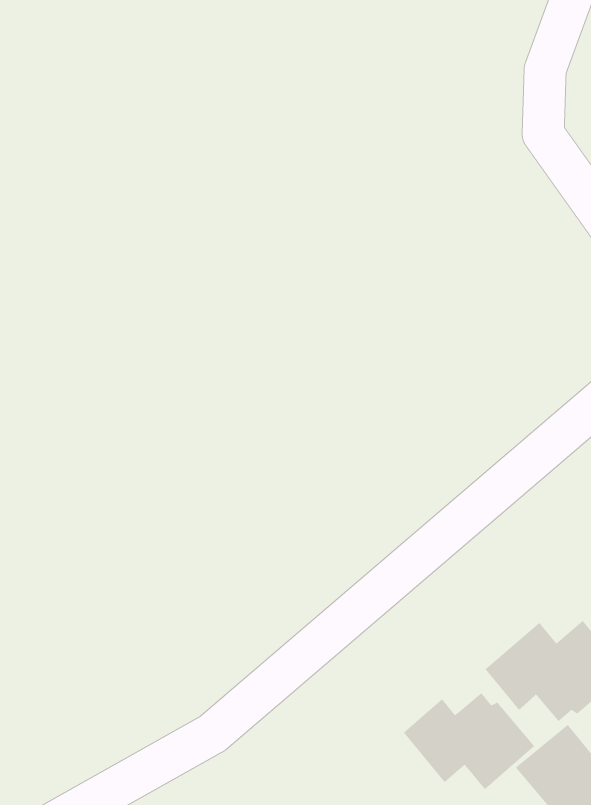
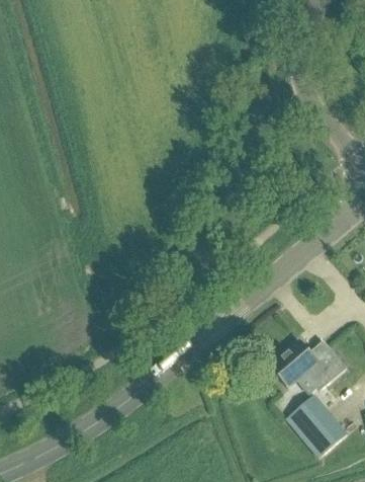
building: [403,692,535,790] -> none

